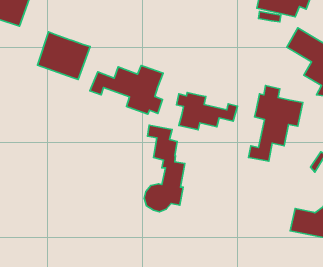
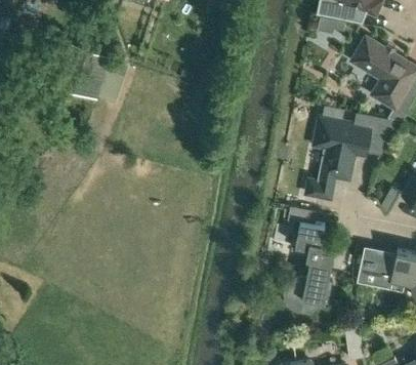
building: [90,65,163,114] -> none
building: [177,92,238,130] -> none
building: [144,125,185,212] -> [285,206,334,311]

